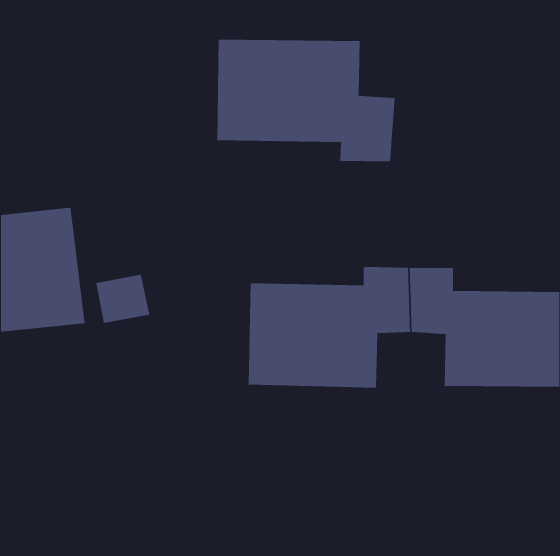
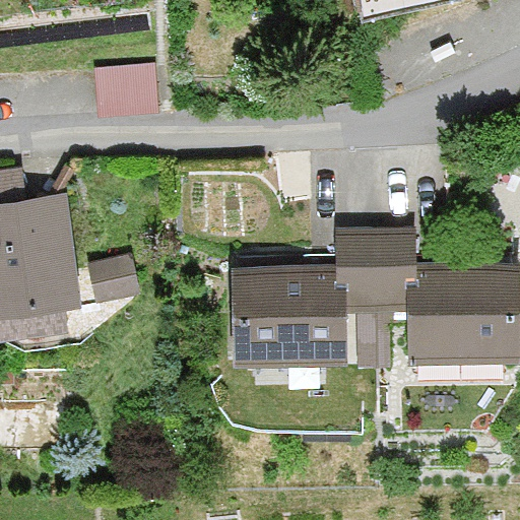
building: [217,39,395,162] -> none
building: none -> [88,64,154,116]

